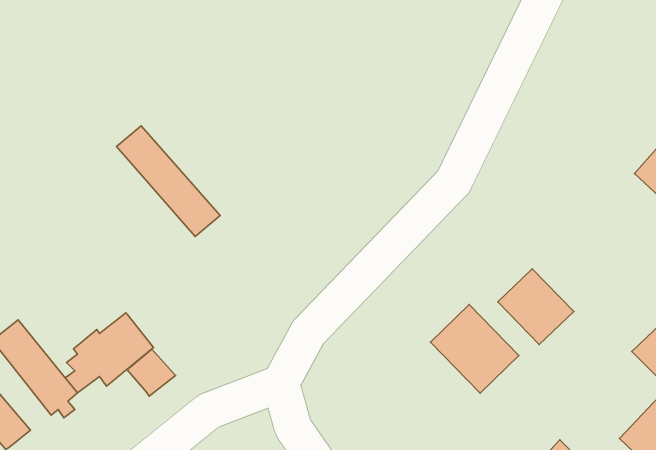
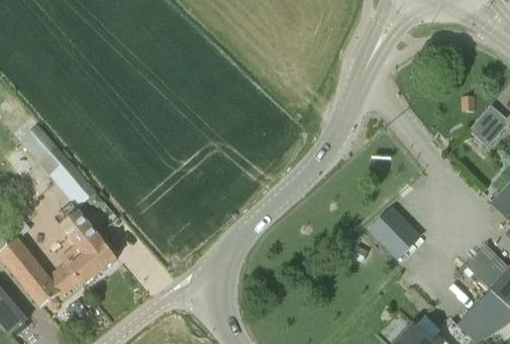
building: [116,126,220,236] -> [18,126,94,207]
building: [430,304,519,393] -> none
building: [127,349,175,396] -> [61,214,96,248]

